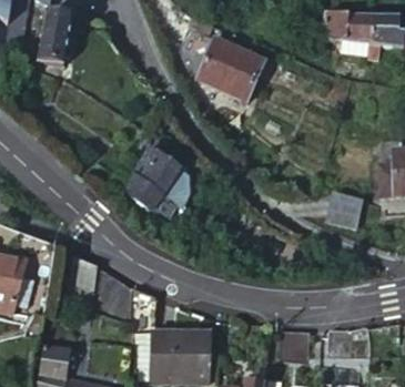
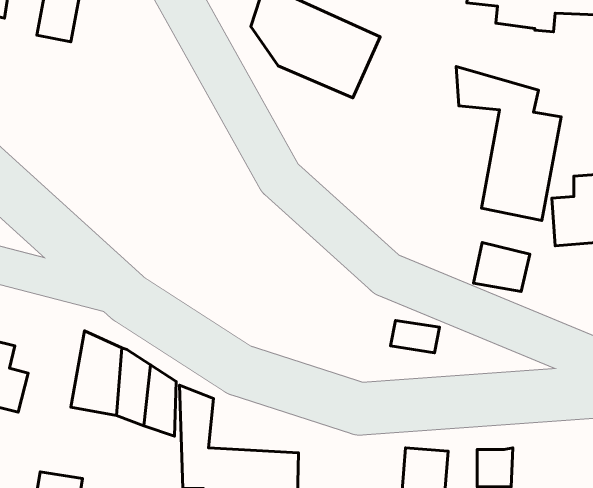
building: none -> [456,67,561,221]
building: [125,146,182,221] -> none

